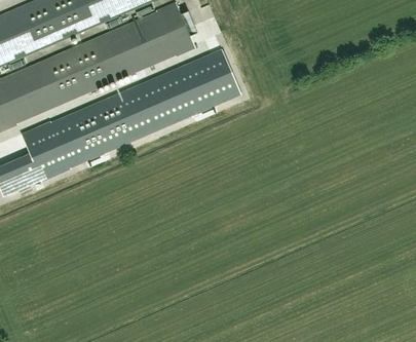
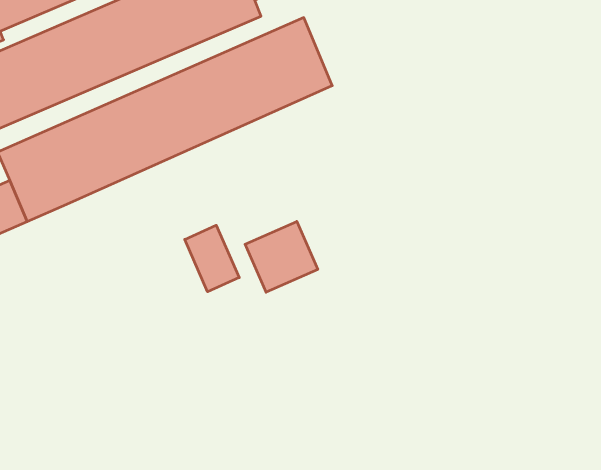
building: none -> [245,221,318,292]
building: none -> [185,225,239,292]

